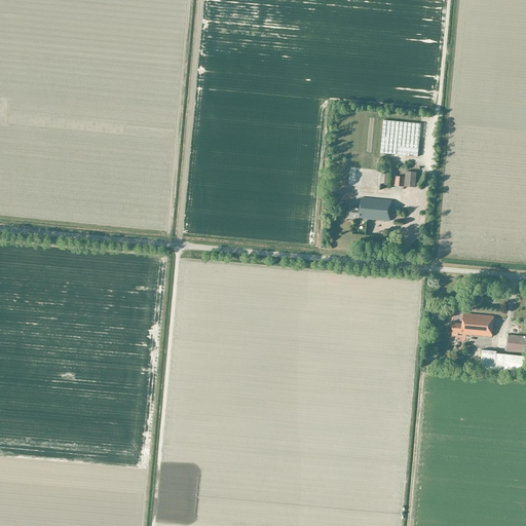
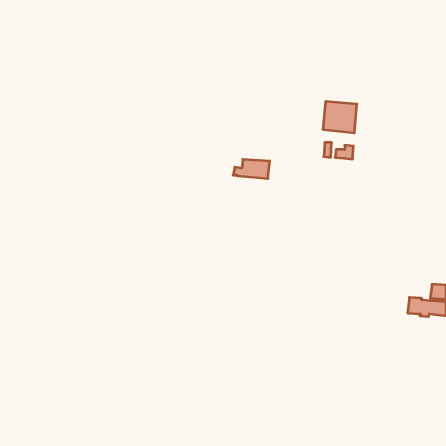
building: [349,197,392,220] -> [233,159,270,179]
building: [452,312,494,336] -> none

